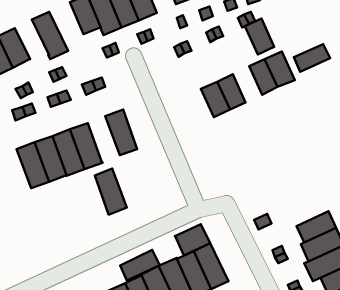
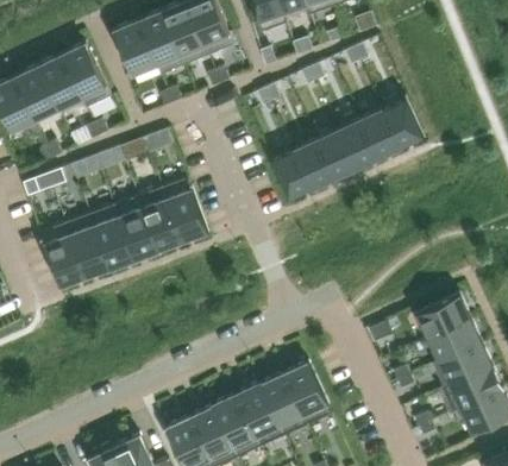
building: [245,18,274,55] -> [338,118,378,168]
building: none -> [37,53,84,114]
building: [294,44,330,72] -> none
building: none -> [271,149,312,199]
building: [95,169,127,214] -> [138,187,182,250]
building: none -> [415,294,470,338]
building: [175,224,210,256] -> none
building: [120,250,160,281] -> none

